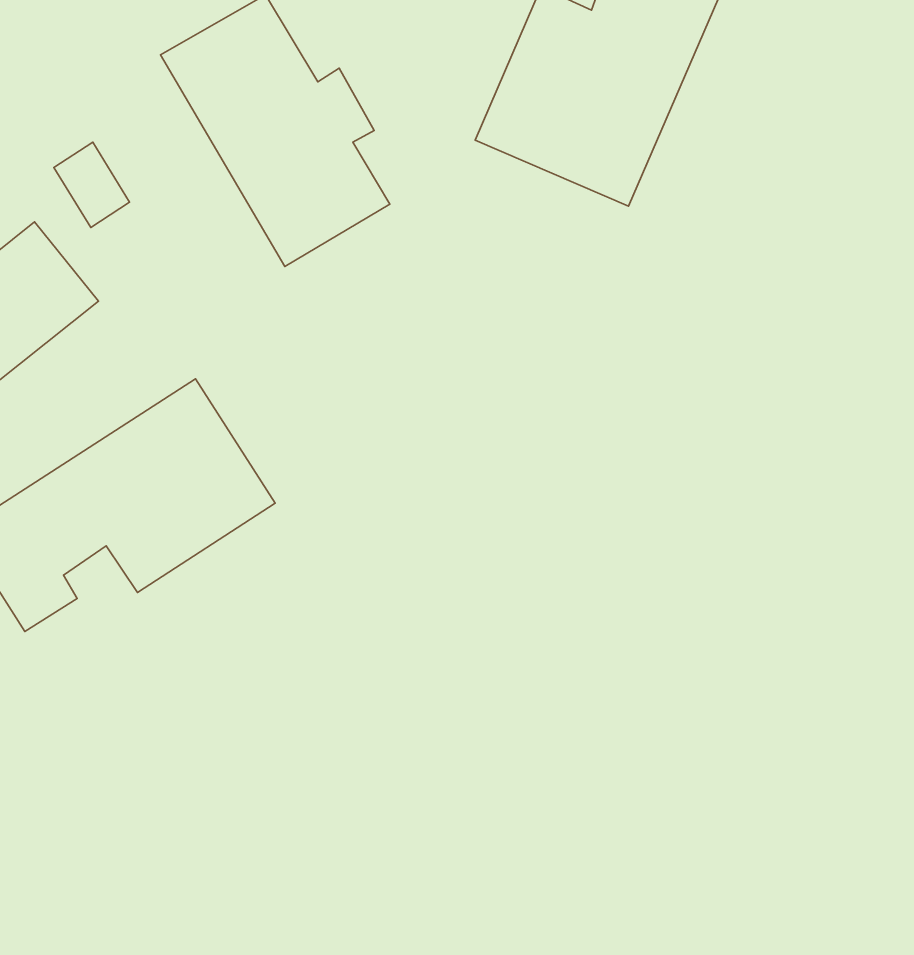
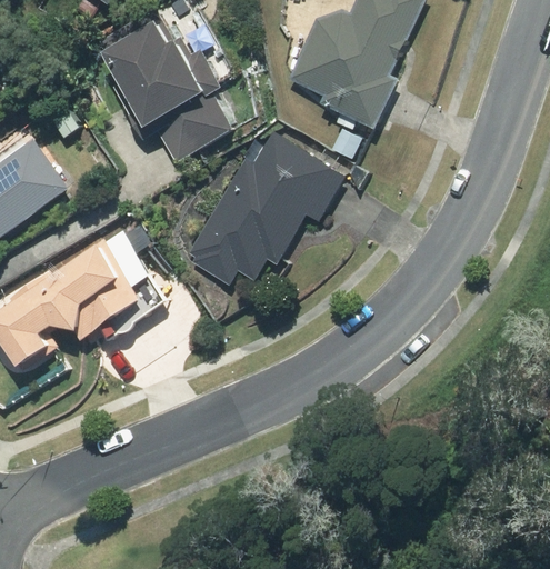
building: none -> [182,131,343,287]

